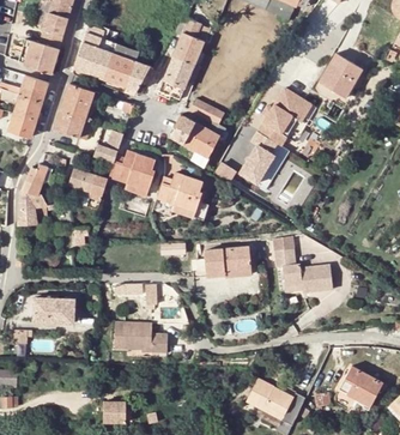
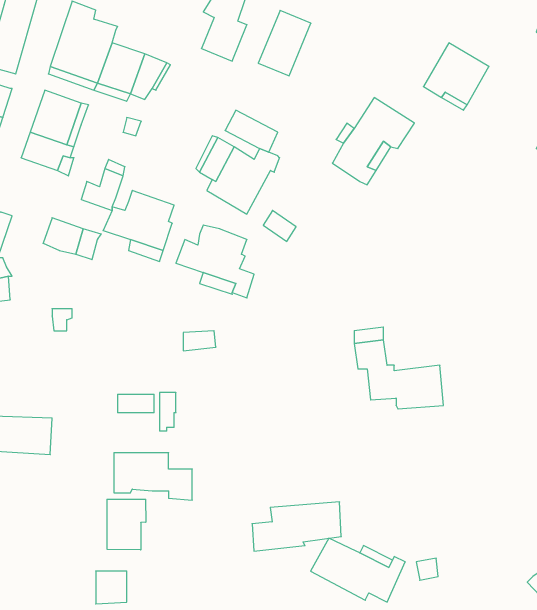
building: [158,56,193,99] -> [258,10,311,76]
building: [240,132,277,183] -> none
building: [190,246,249,278] -> [252,502,341,551]
building: none -> [107,499,146,550]
building: [338,365,382,406] -> none

